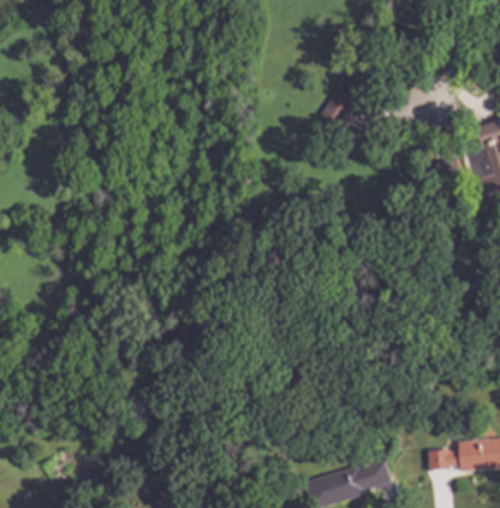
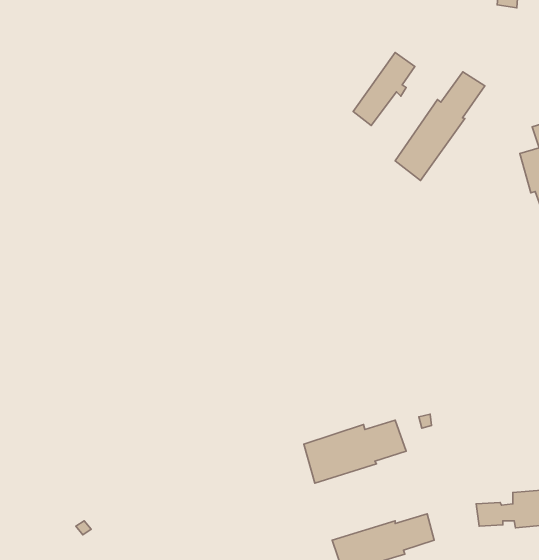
building: none -> [395,72,485,181]
building: none -> [304,420,406,483]

